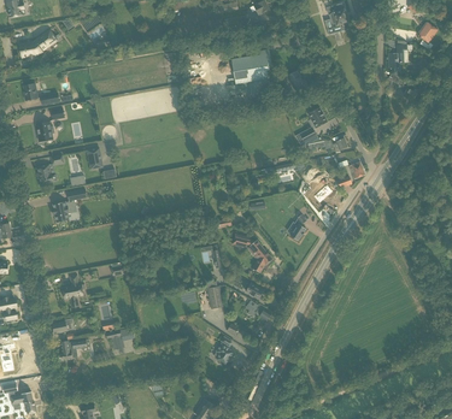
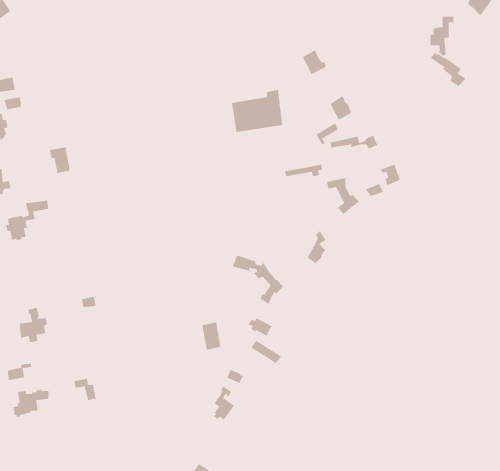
building: [230,48,271,83] -> [231,89,283,133]

